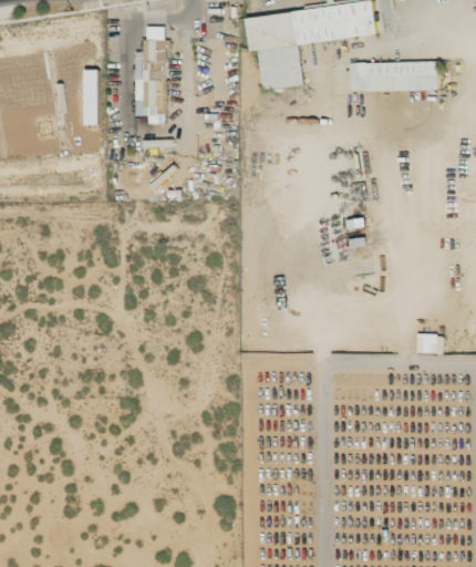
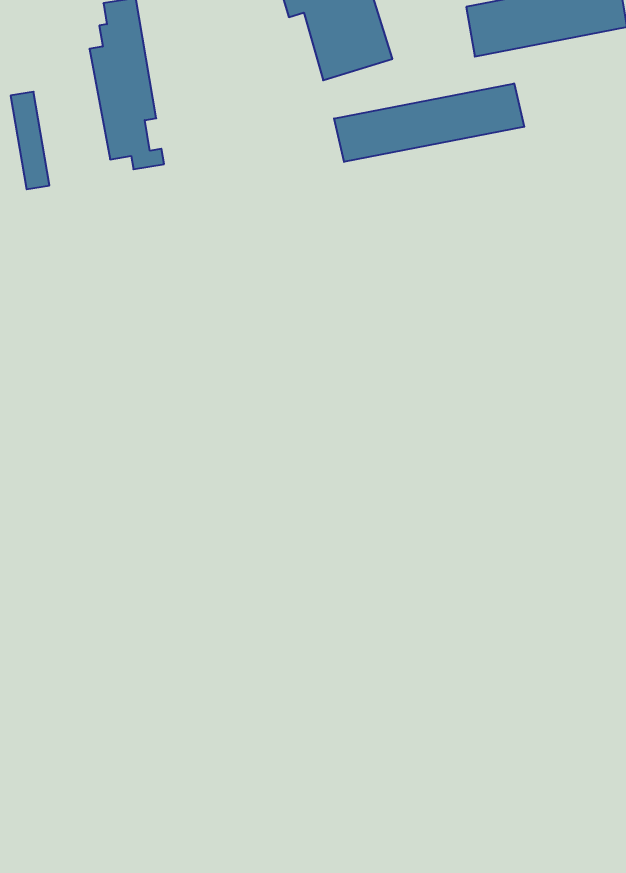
building: none -> [334,83,524,162]

